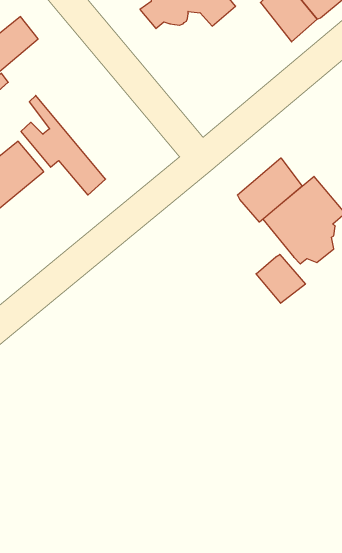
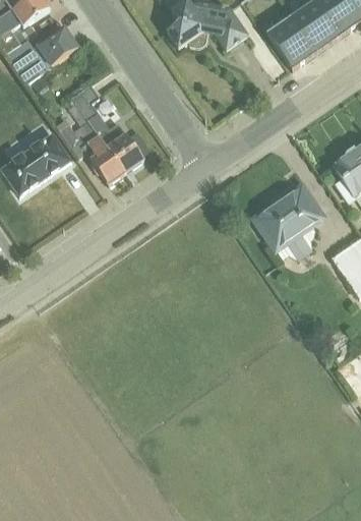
building: none -> [70,81,147,170]
building: [237,158,302,222] -> none
building: [256,254,305,303] -> none

